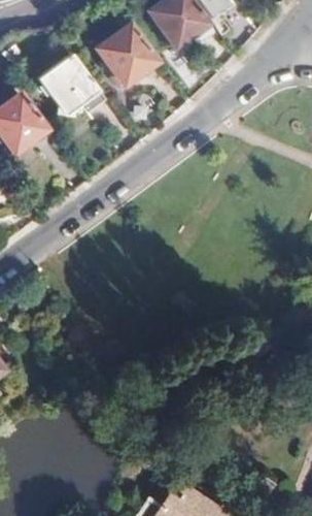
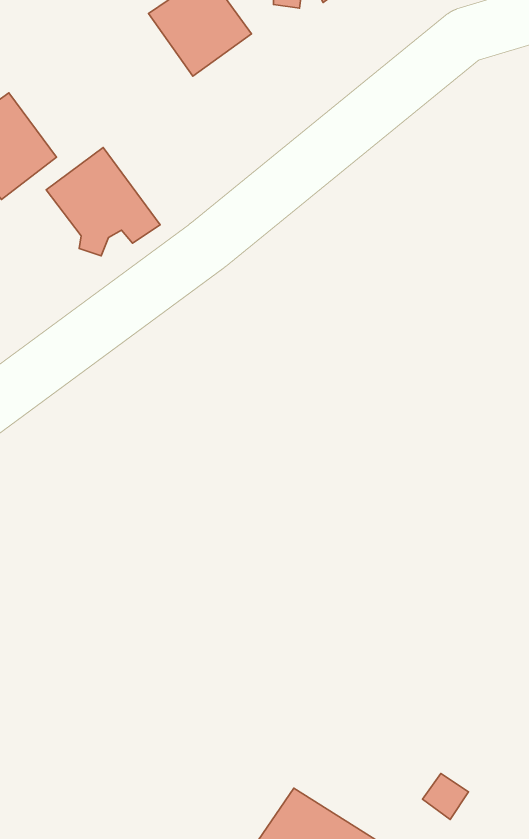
building: [40,56,104,117] -> [46,147,160,256]

